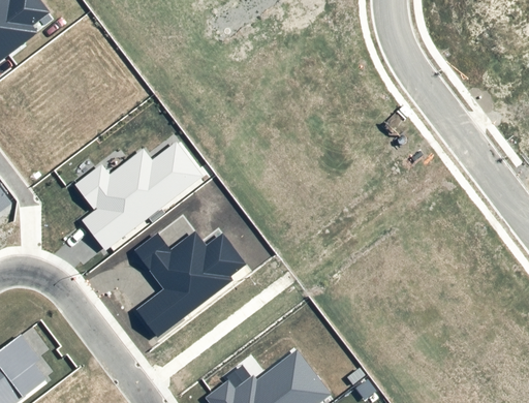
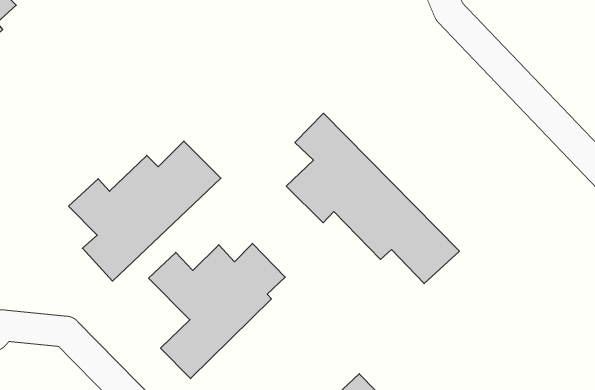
building: none -> [286,113,459,284]

